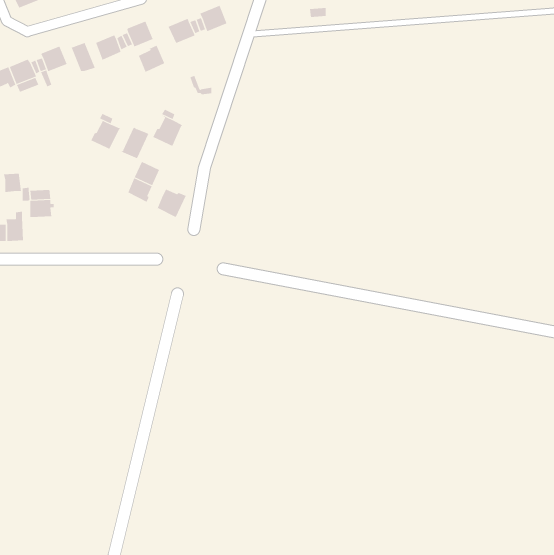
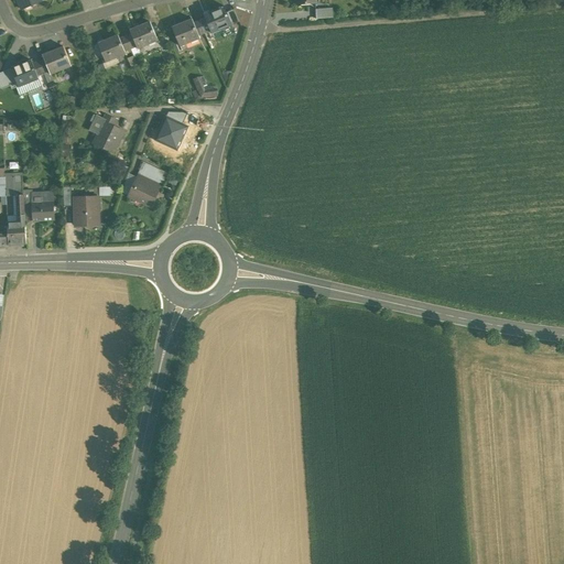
building: [71,42,96,72] -> none
building: [137,45,166,73] -> none
building: [121,126,149,159] -> none
building: [157,184,187,218] -> none
building: none -> [73,196,96,225]

